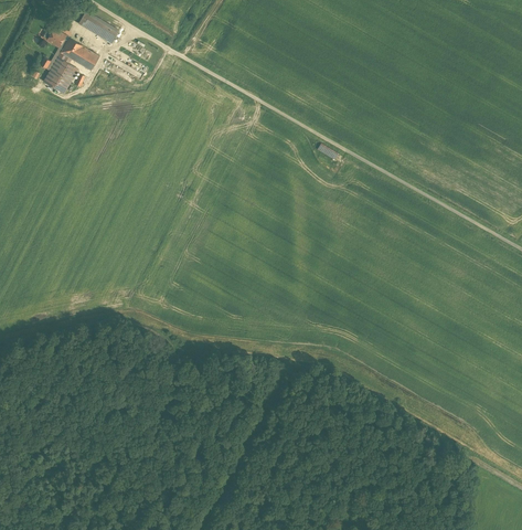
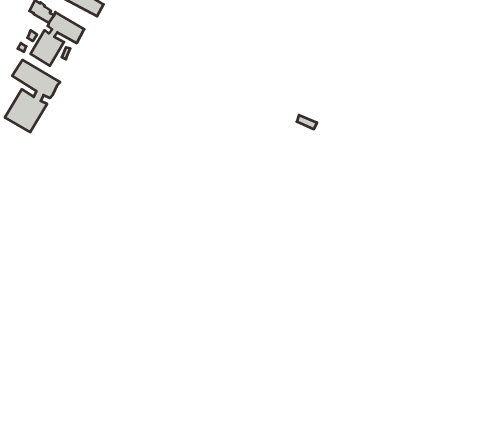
building: none -> [5,60,60,132]

